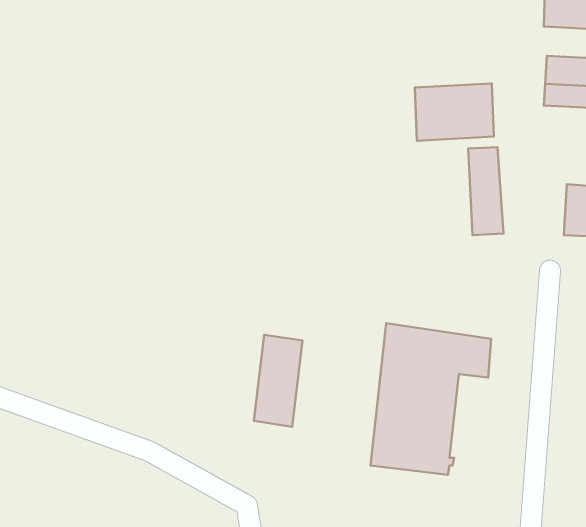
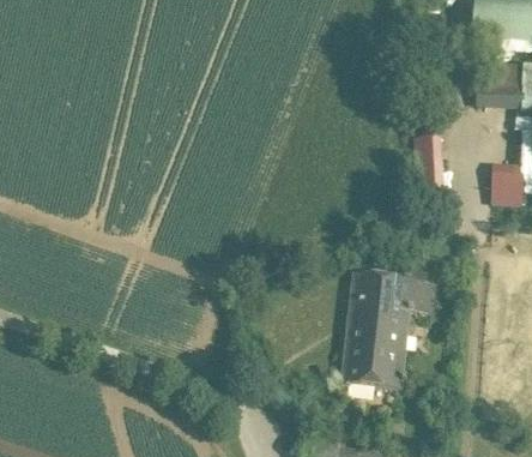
building: [415,83,494,141] -> none
building: [254,335,303,427] -> none

